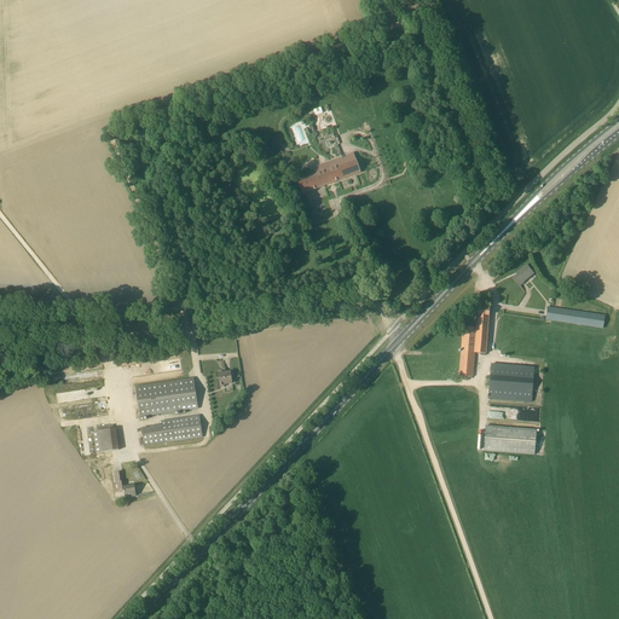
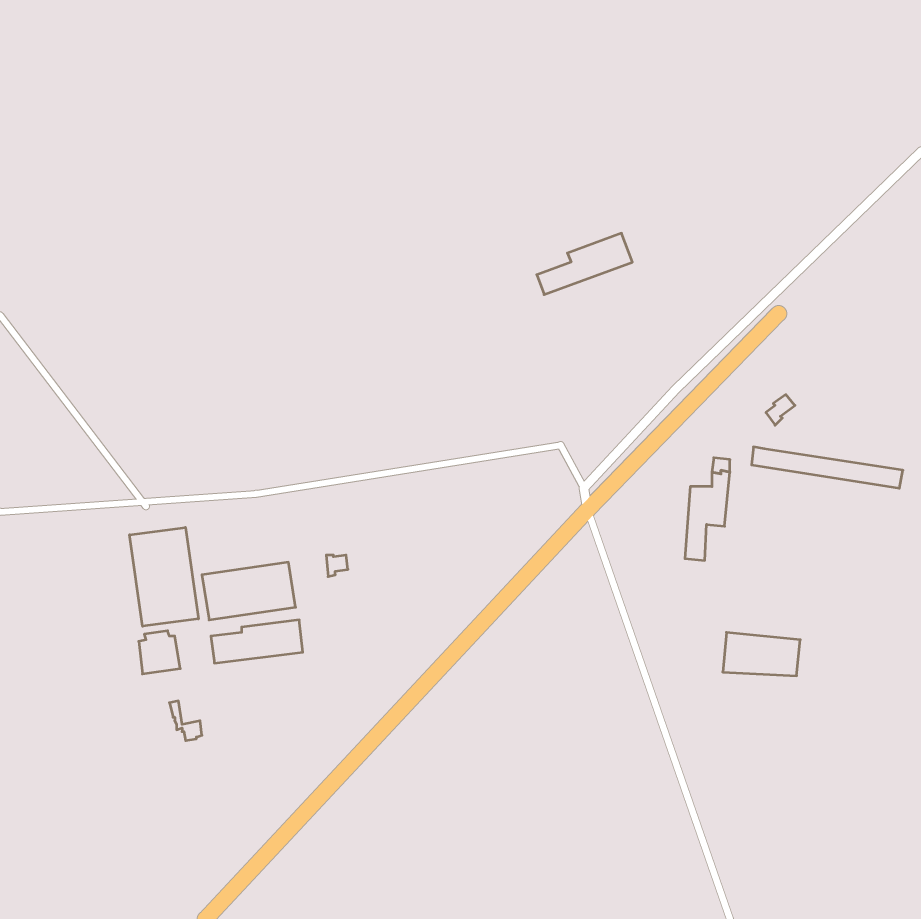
building: [297,152,361,193] -> [537,233,632,295]
building: none -> [130,527,198,626]
building: [488,363,544,401] -> none

